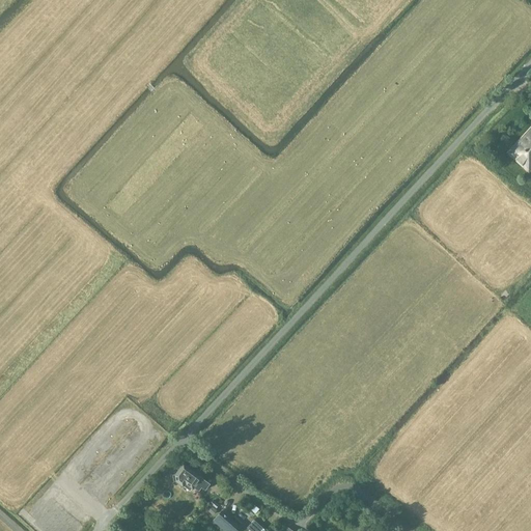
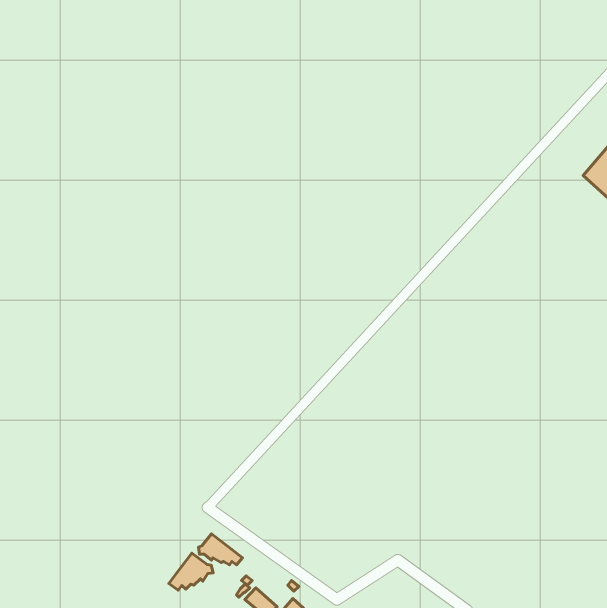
building: none -> [169,553,213,590]

